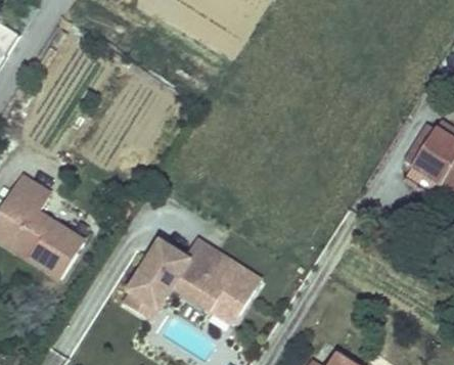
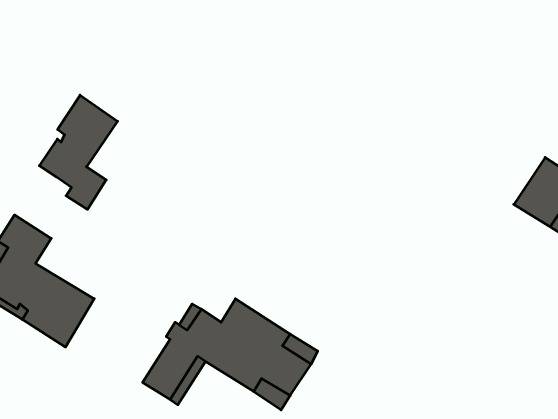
building: none -> [39,95,118,209]

